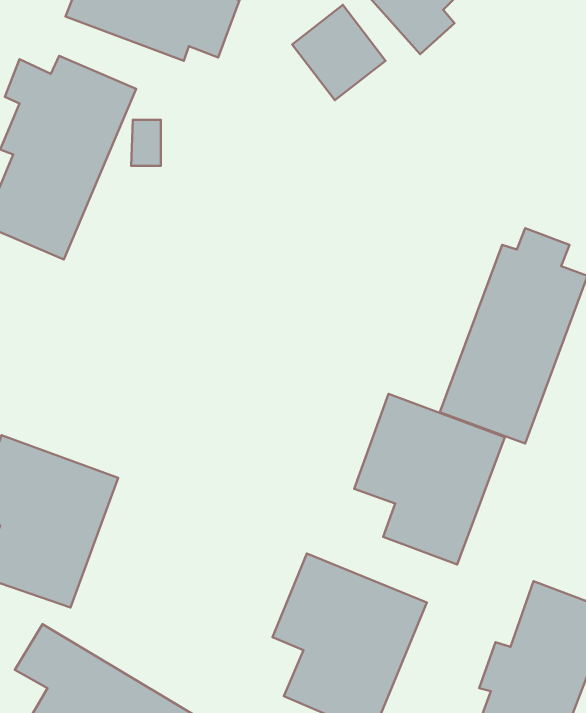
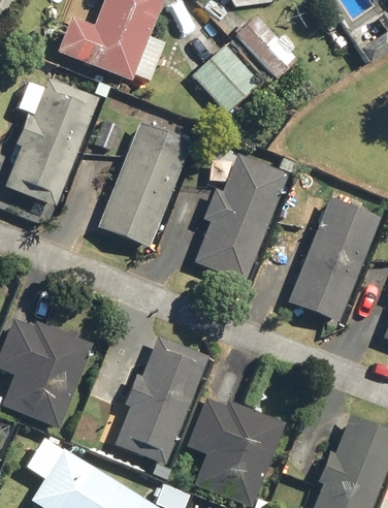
building: none -> [97,123,194,253]
building: none -> [196,151,303,282]
building: [354,394,505,565] -> none
building: none -> [117,335,212,467]

